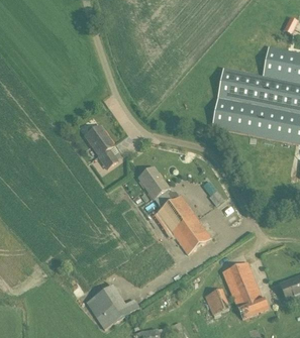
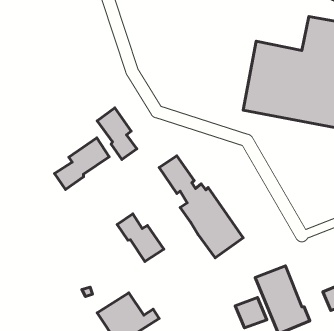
building: none -> [54,138,109,189]
building: none -> [117,214,164,262]

